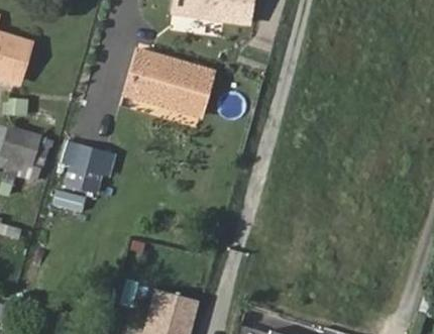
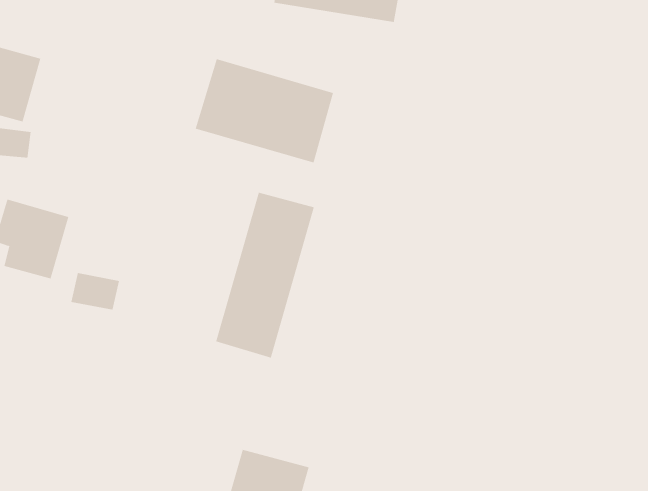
building: none -> [216,192,315,358]
building: [72,144,109,191] -> none

